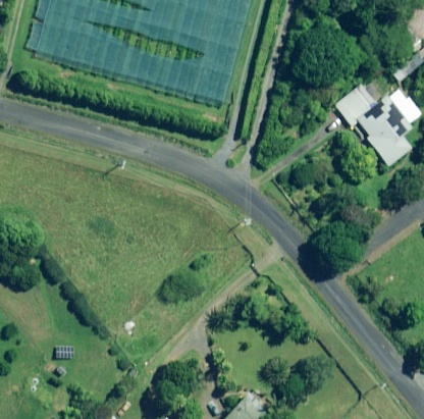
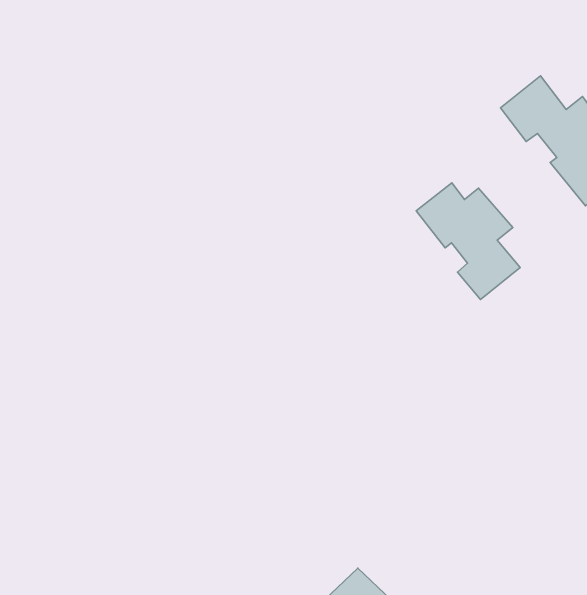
building: none -> [416,183,520,299]

